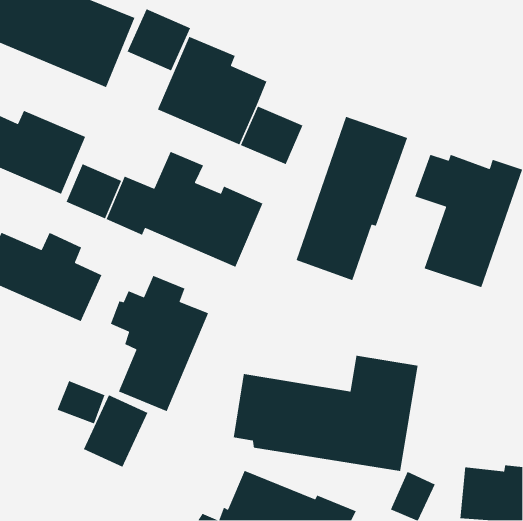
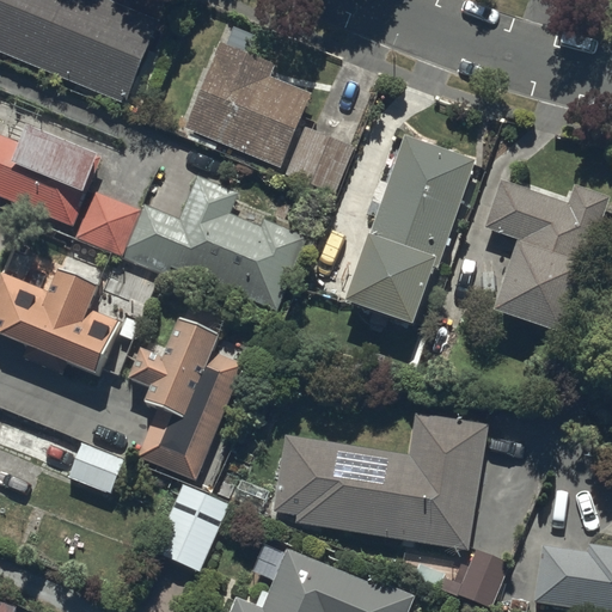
building: [127,8,191,71] -> none
building: [83,394,148,468] -> [152,484,228,570]

